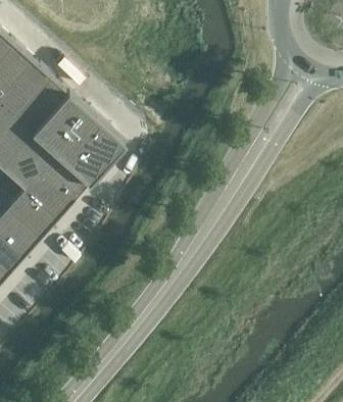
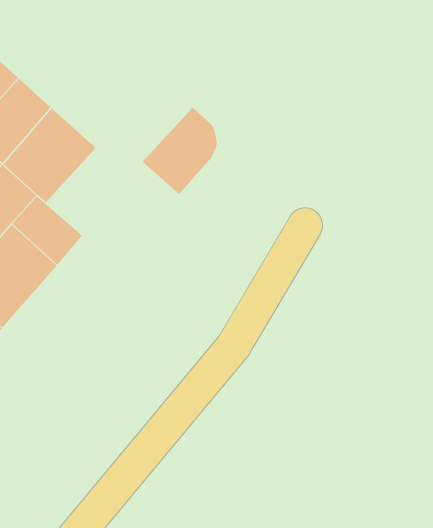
building: [63,122,115,183] -> [142,107,218,195]

